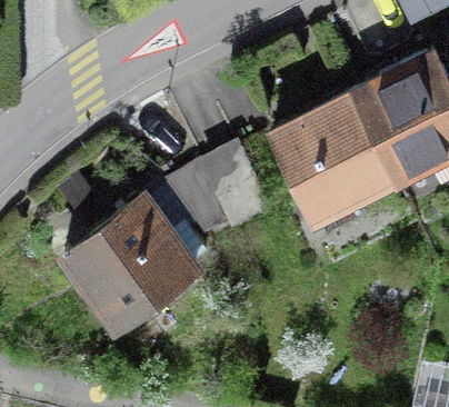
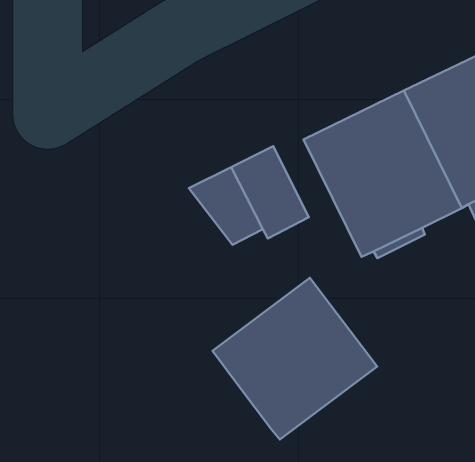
building: [63,191,204,320] -> none
building: none -> [212,278,377,439]

